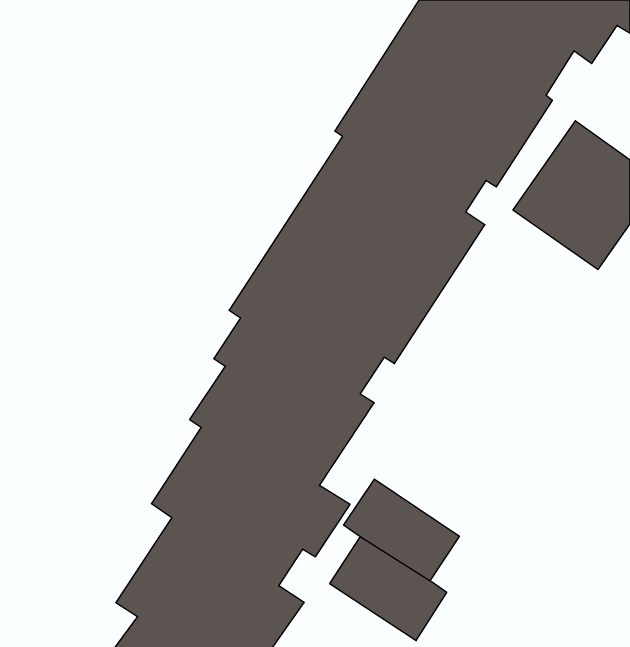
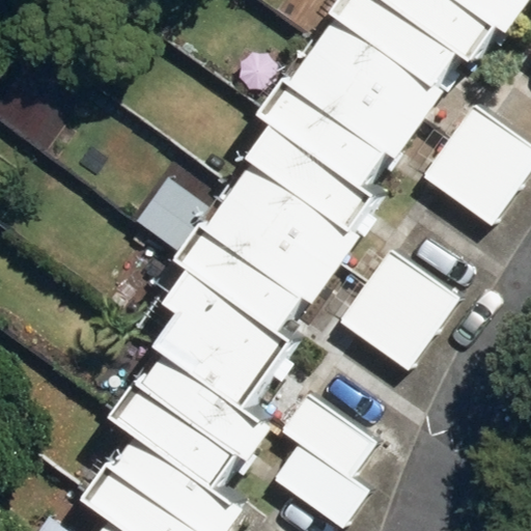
building: none -> [336,245,458,368]

